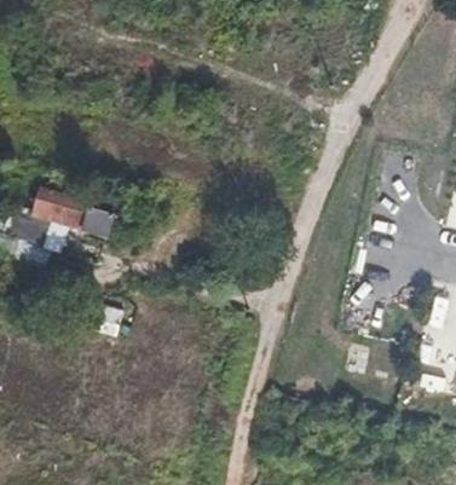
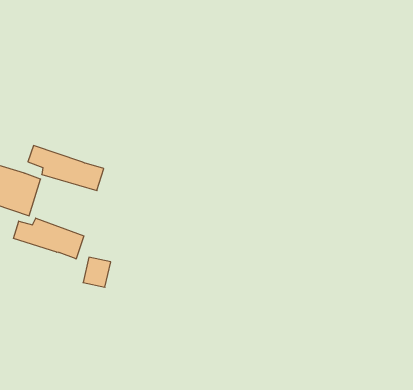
building: none -> [14,218,84,259]

